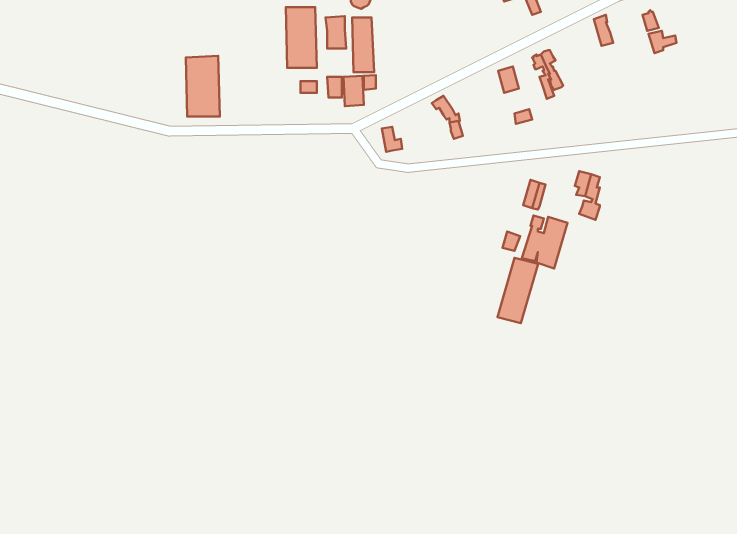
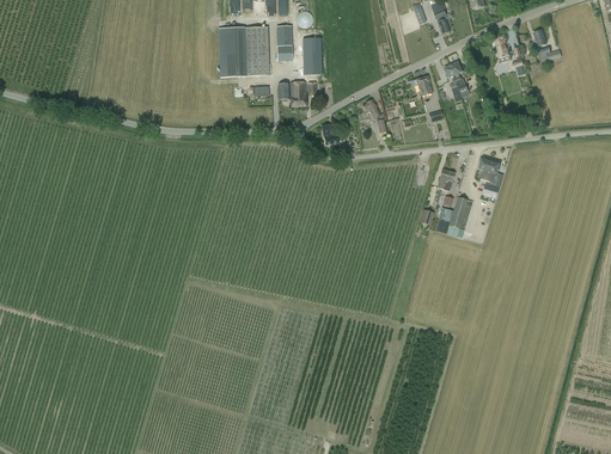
building: [186,56,220,116] -> [218,26,245,75]
building: [497,258,538,323] -> none

